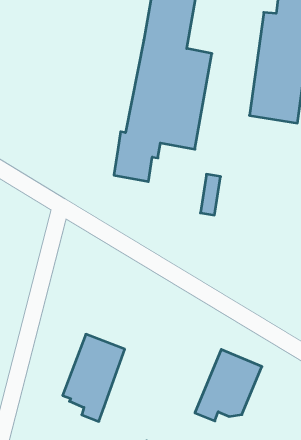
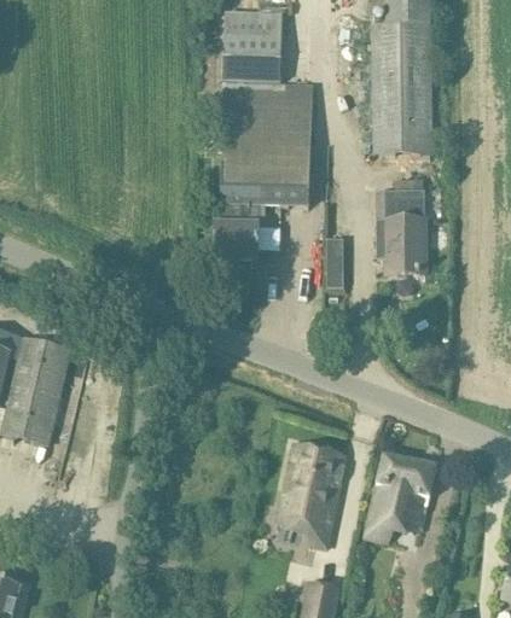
building: none -> [376,179,425,276]
building: [63,334,125,421] -> [275,443,344,549]

